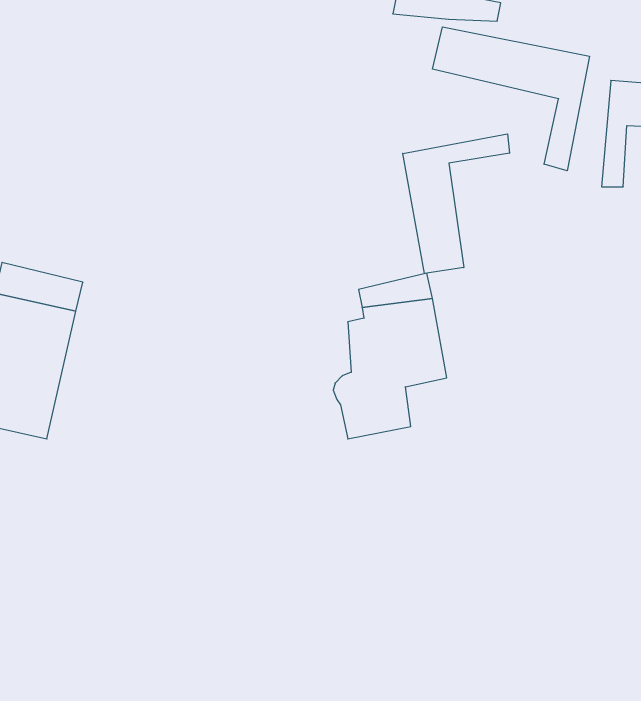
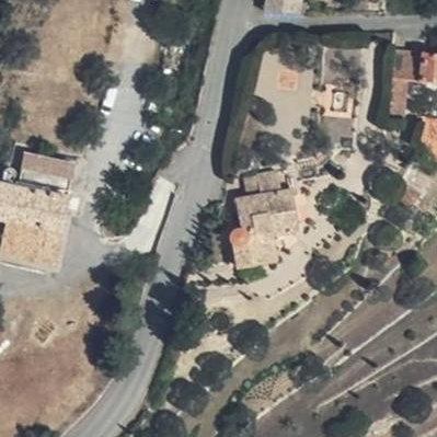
building: [433,27,589,171] -> none
building: [403,134,509,273] -> none

